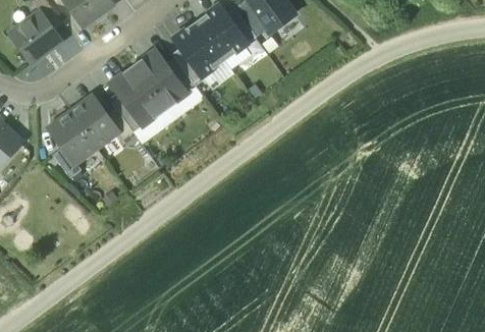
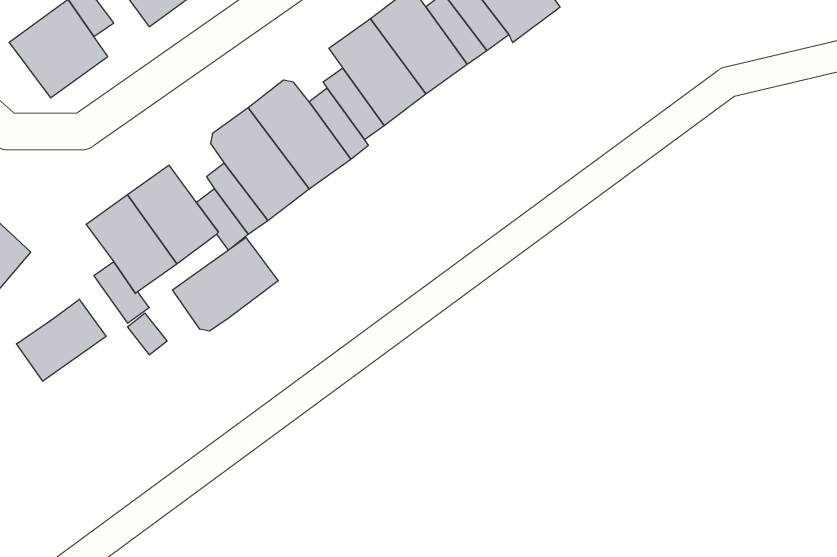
building: none -> [172,238,278,331]
building: none -> [16,299,106,381]

